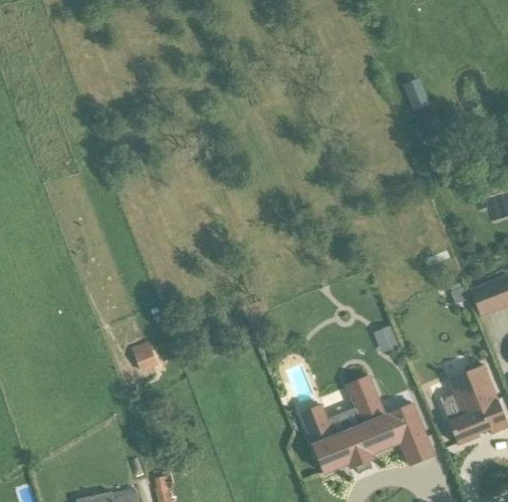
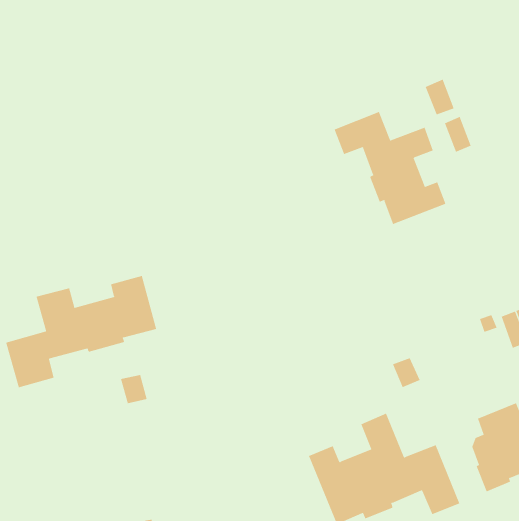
building: none -> [334,111,446,225]
building: none -> [5,275,157,388]

